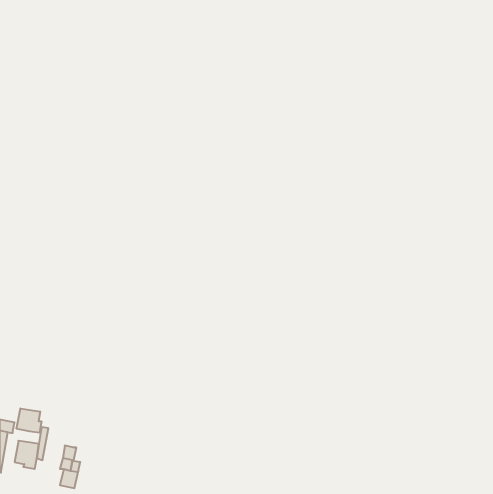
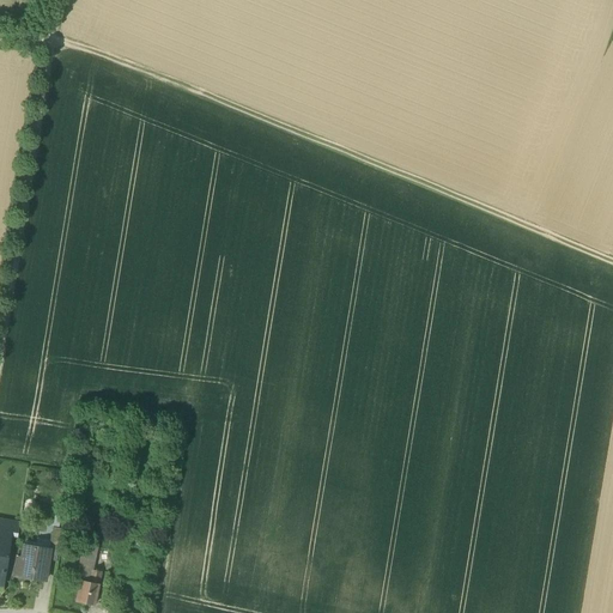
building: [17,408,41,433] -> none

